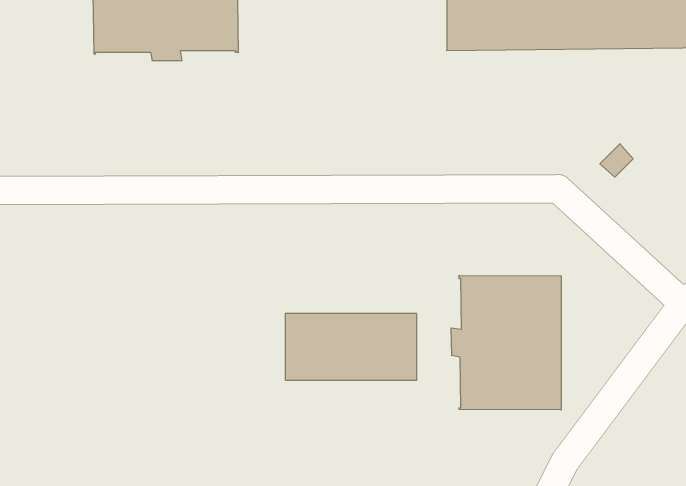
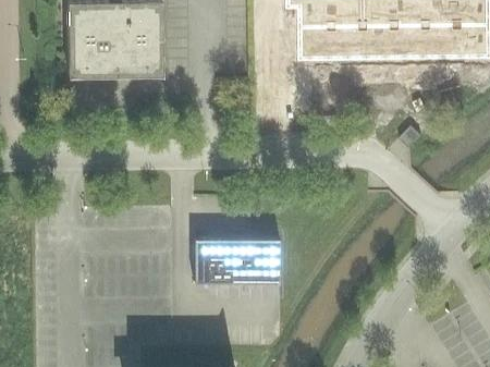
building: [451,275,561,410] -> none

